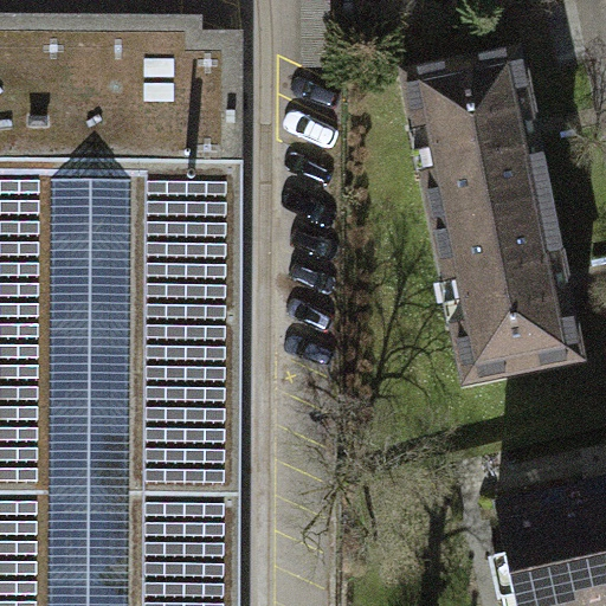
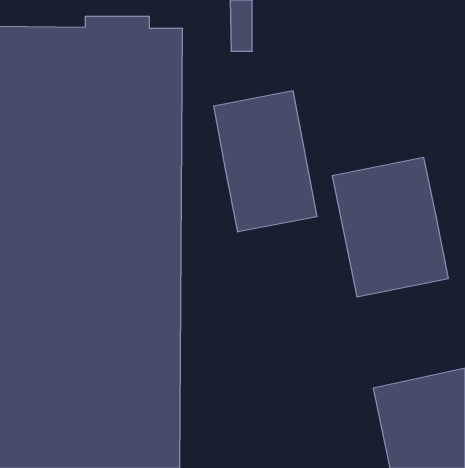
building: [399,47,547,227] -> none
building: none -> [214,91,317,232]

